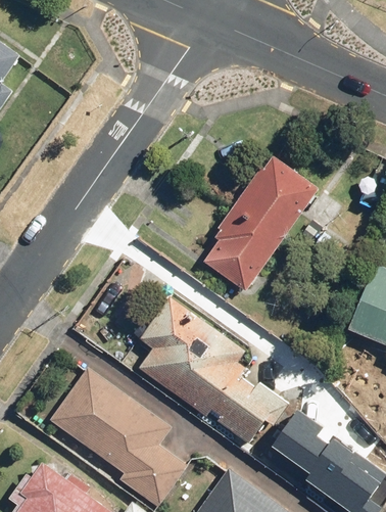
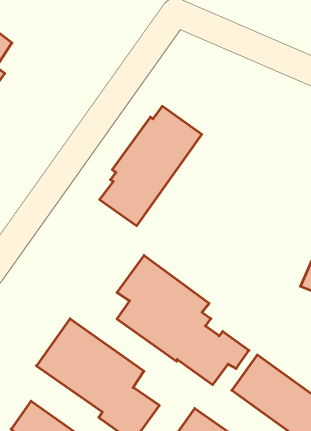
building: [203,156,319,291] -> [100,106,202,226]

